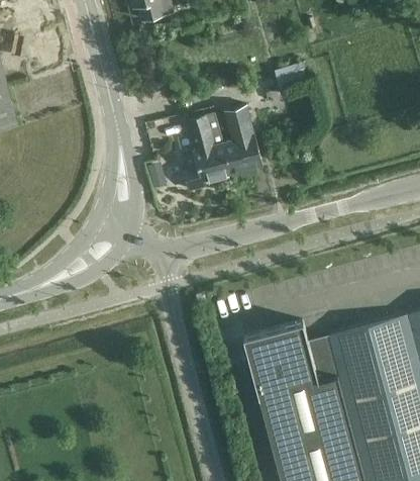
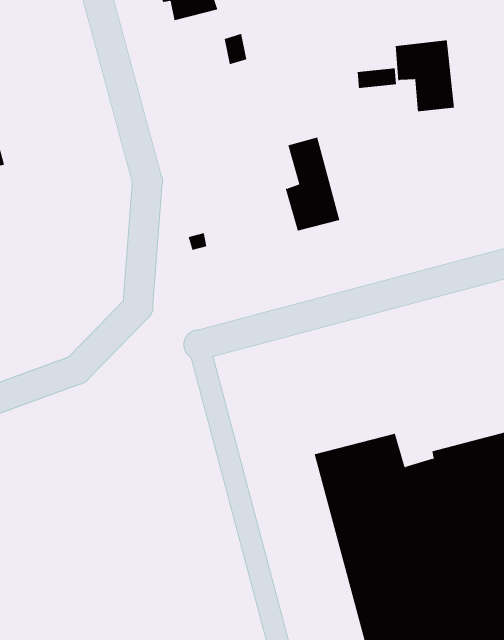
building: none -> [395,40,454,112]
building: [183,116,231,194] -> none

